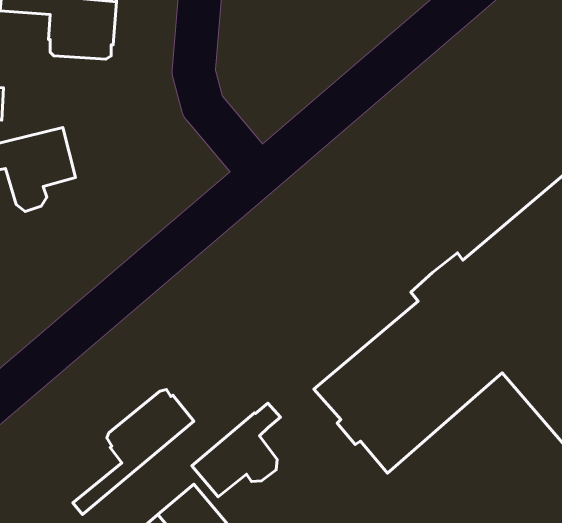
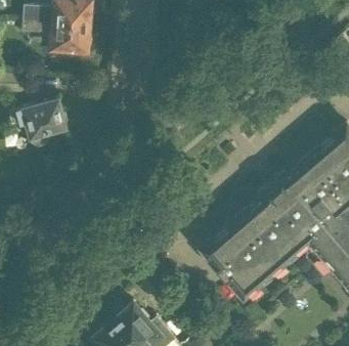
building: [73,390,194,515] -> none
building: [192,403,280,497] -> none

